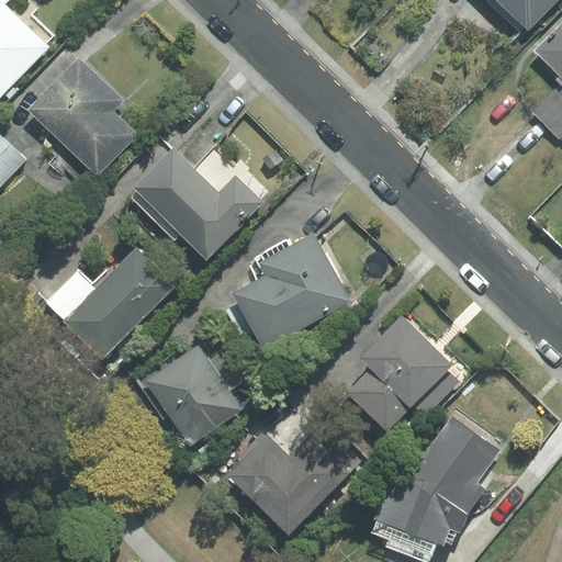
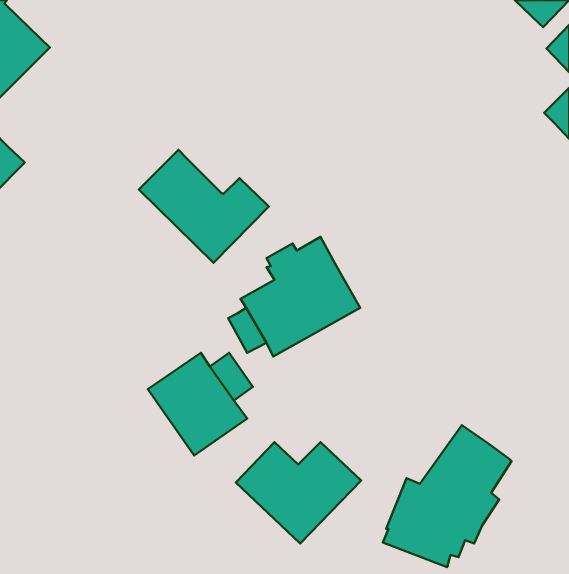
building: [29,58,136,175] -> none
building: [63,247,175,359] -> none
building: [338,314,452,438] -> none

